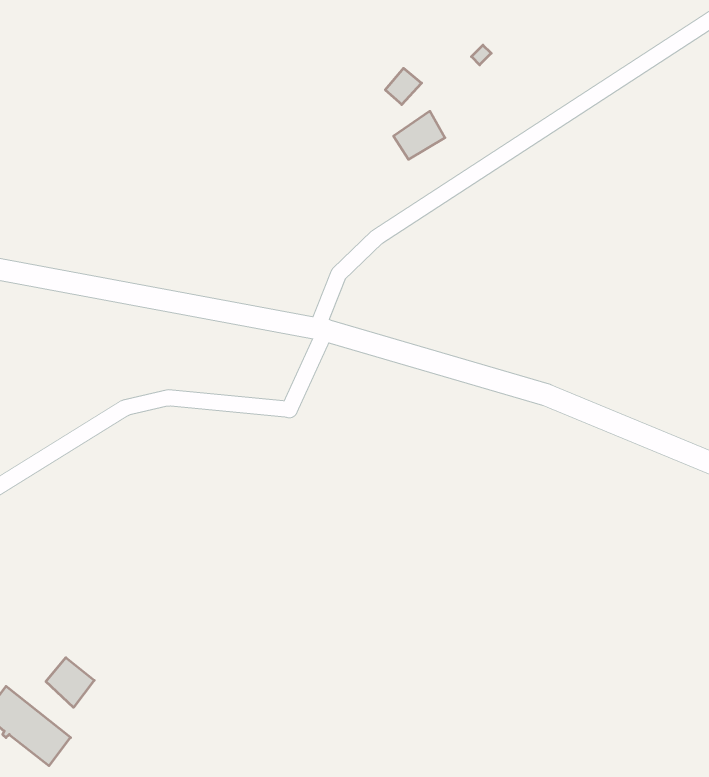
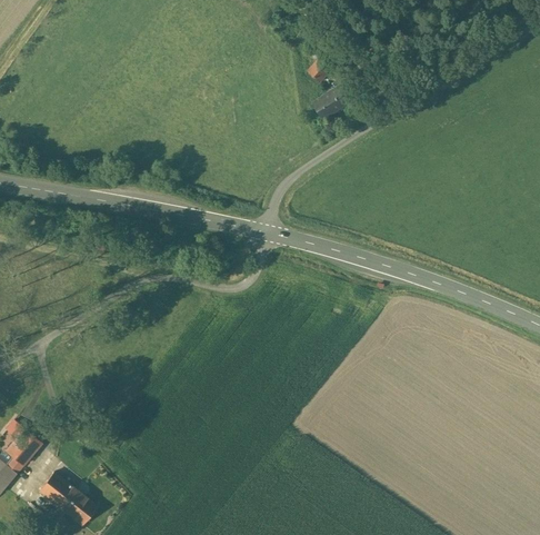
building: [46,658,94,707] -> none

